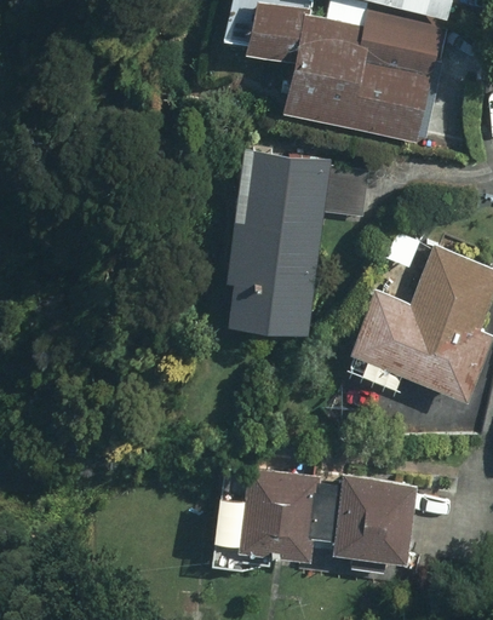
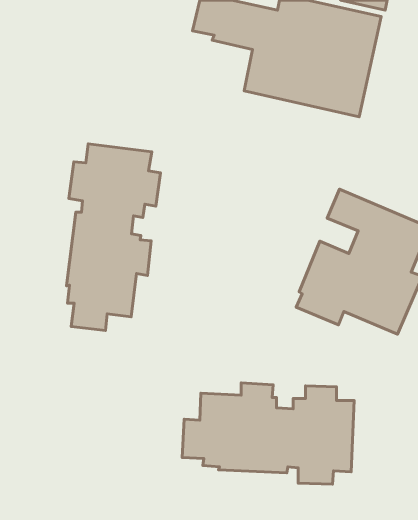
building: [224,151,371,334] -> none
building: none -> [67,144,160,331]

